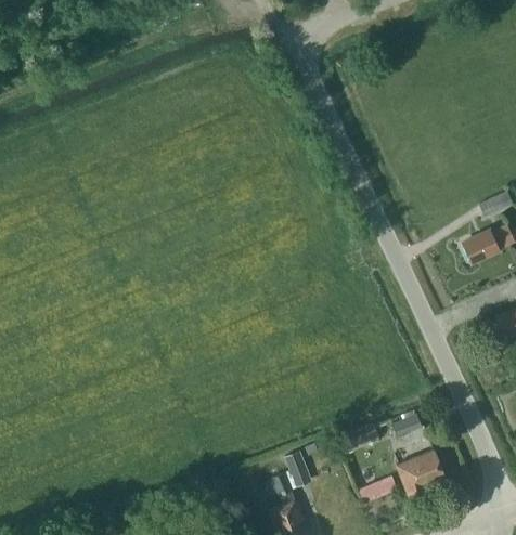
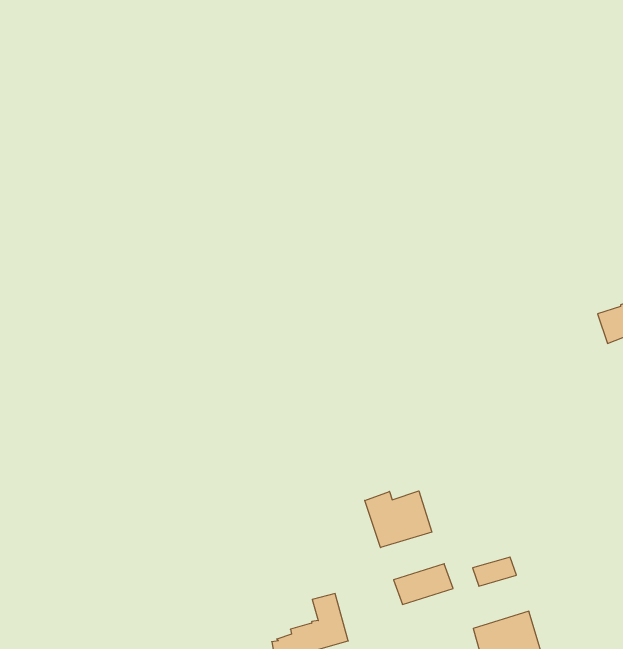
building: none -> [365,491,432,548]

